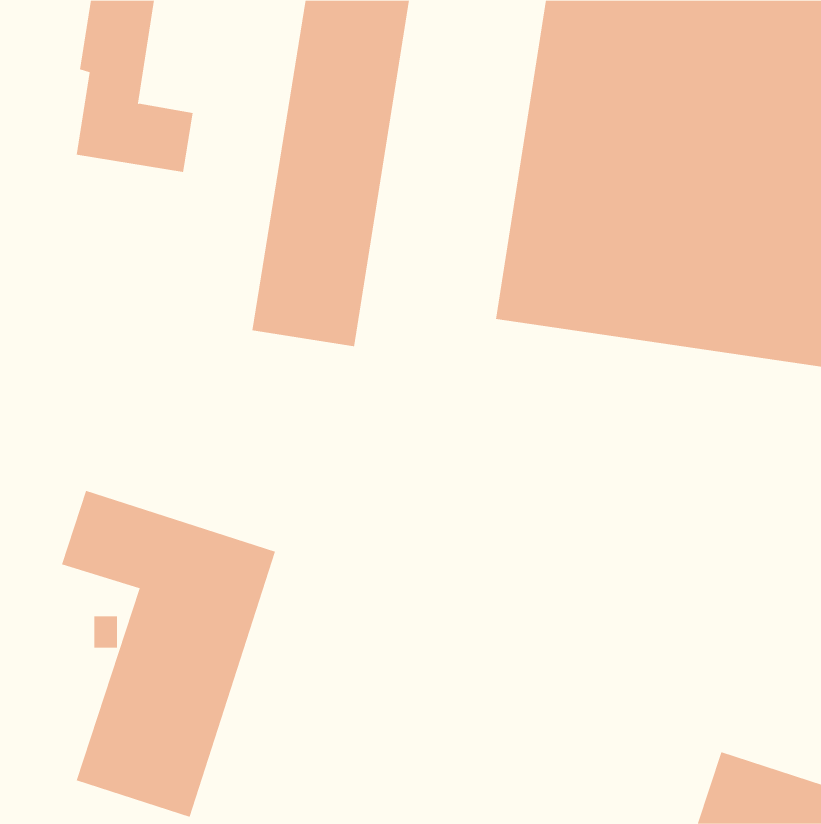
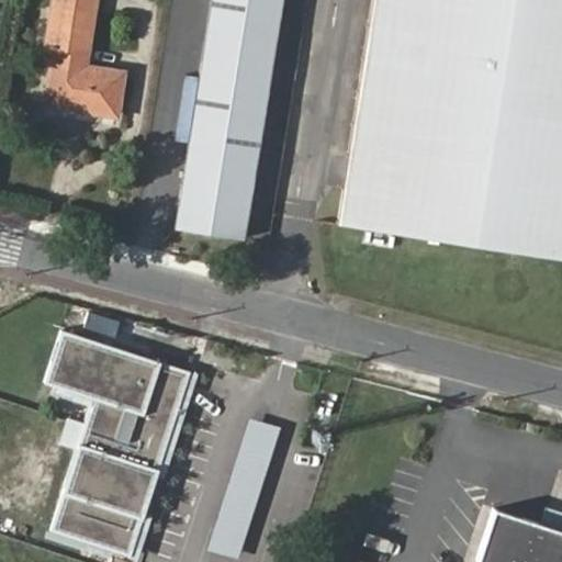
building: none -> [215,416,283,557]

